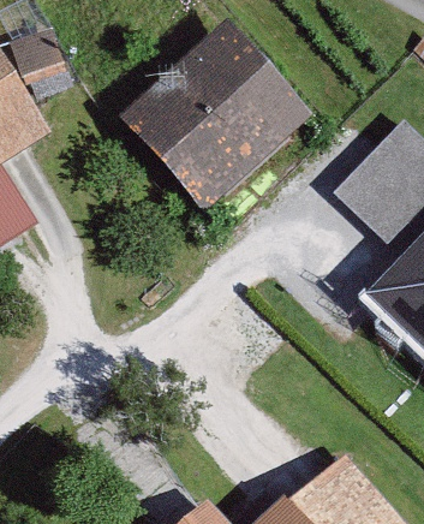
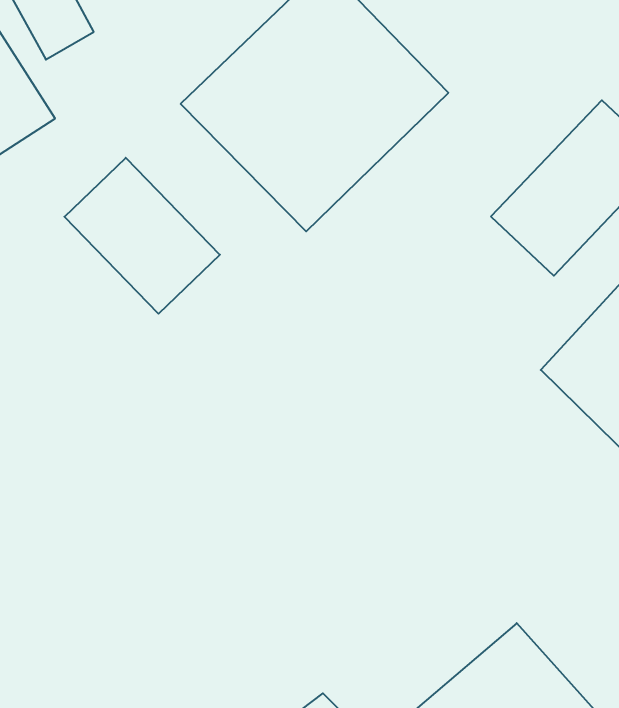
building: none -> [64,158,220,314]

